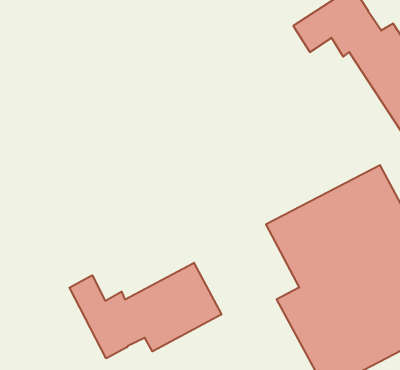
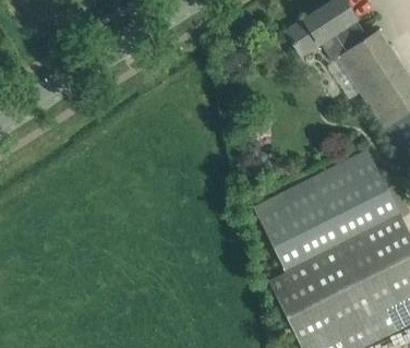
building: [69,263,221,358] -> none

